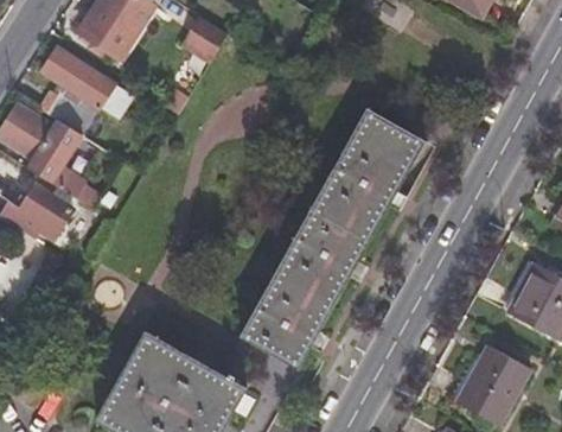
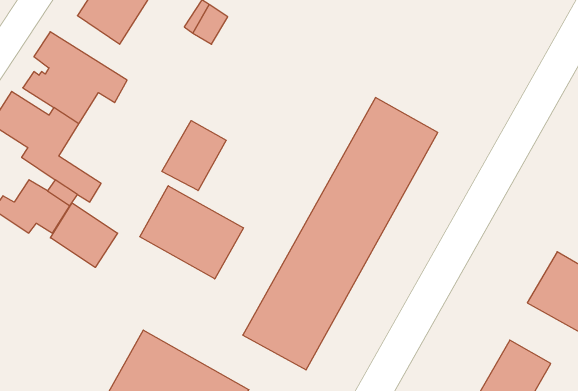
building: none -> [162,121,226,191]
building: none -> [140,186,243,279]
building: none -> [50,203,118,267]

